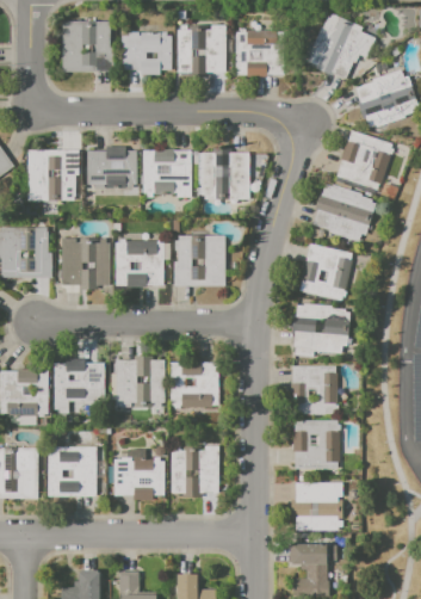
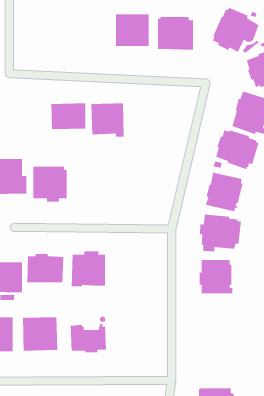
building: [61,20,113,72] -> none
building: [122,32,172,74] -> none
building: [200,147,249,200] -> none
building: [27,149,80,200] -> none
building: [172,235,223,285] -> none
building: [114,241,163,286] -> none
building: [171,362,216,407] -> none
building: [296,422,343,470] -> none
building: [171,445,218,493] -> none
building: [293,484,345,531] -> none

